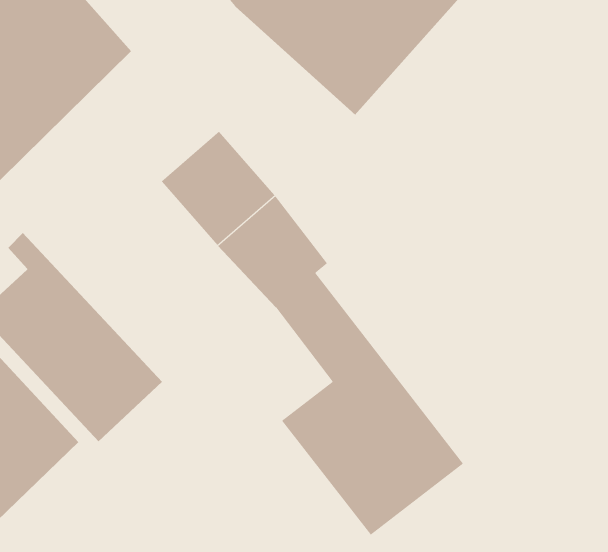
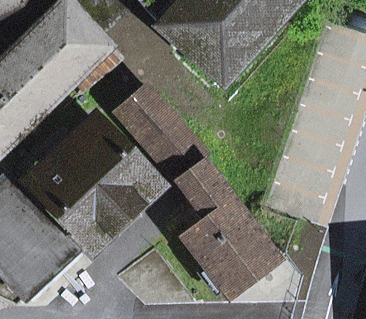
building: none -> [49,118,155,215]

